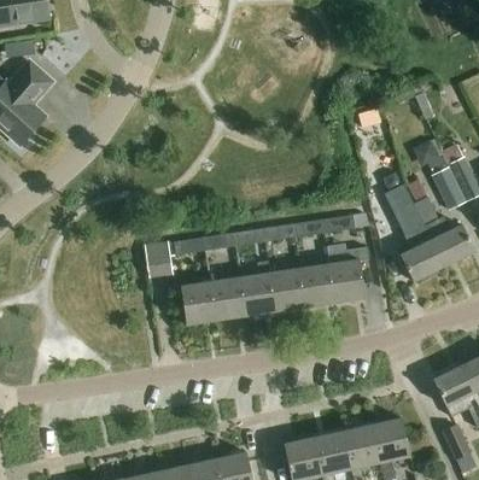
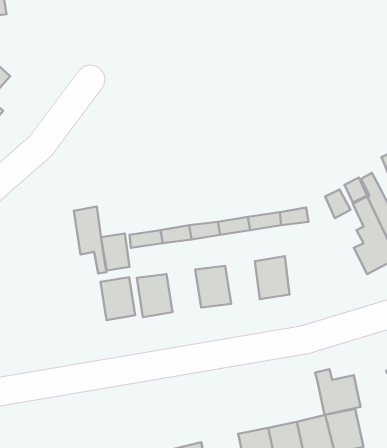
building: none -> [74,207,106,274]
building: [329,246,368,302] -> none
building: [269,268,304,311] -> none
building: [210,276,245,320] -> [101,277,135,320]
building: none -> [315,369,360,415]

